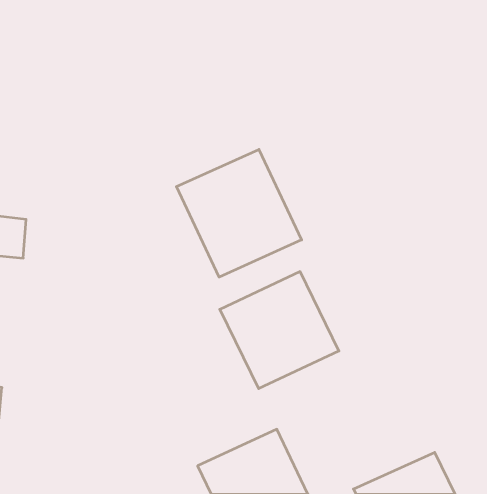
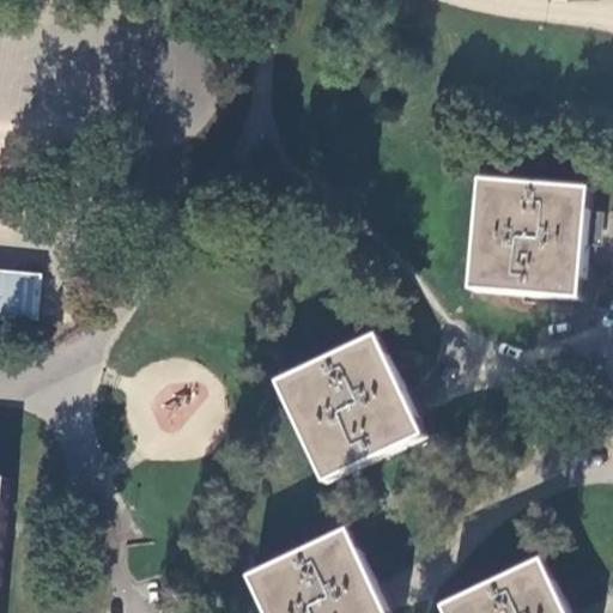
building: none -> [467,177,584,296]
building: [176,149,302,277] -> none

